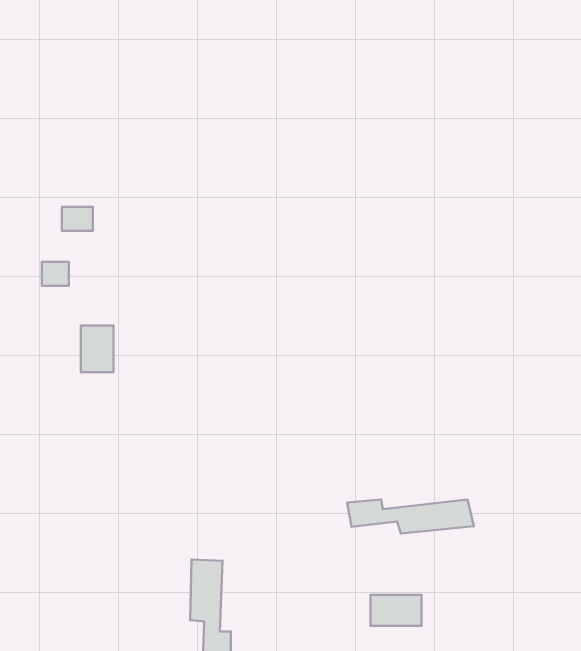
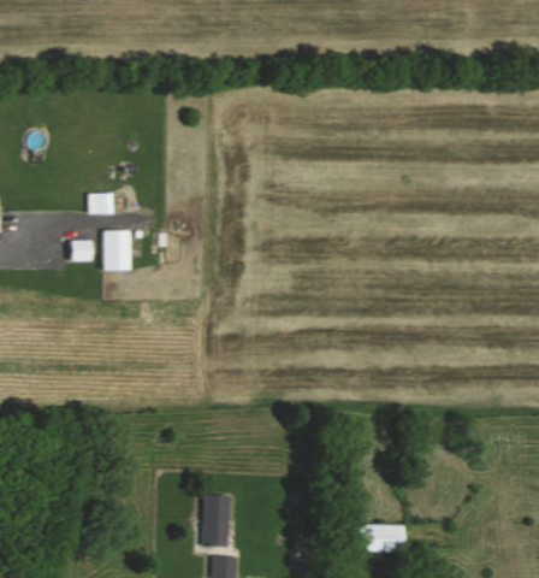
building: [81,326,113,372] -> [105,230,132,270]
building: [347,500,474,534] -> none

